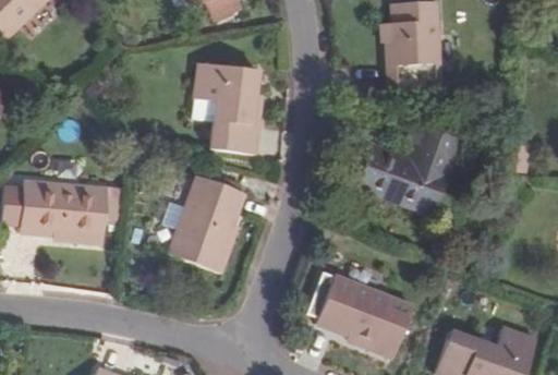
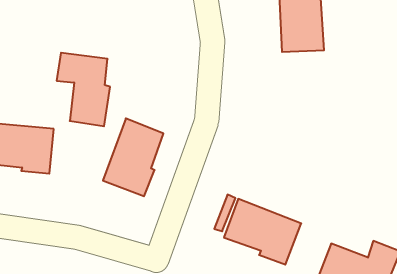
building: [195,62,262,154] -> [57,53,110,126]
building: [357,122,460,215] -> none

